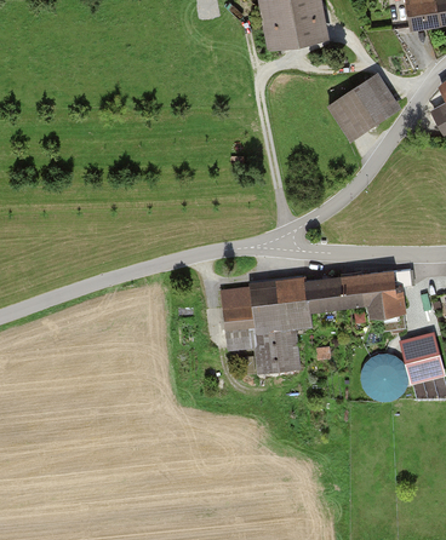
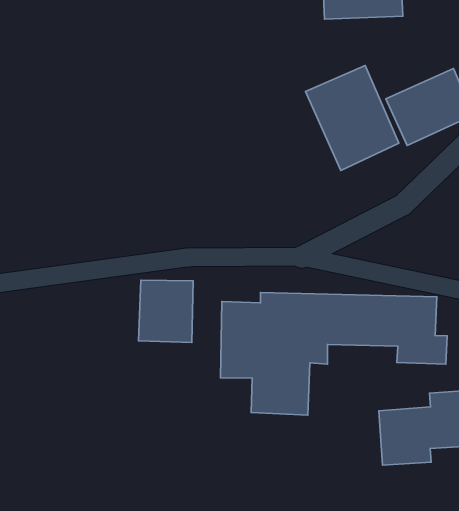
building: none -> [305,65,399,170]
building: none -> [138,280,193,342]

